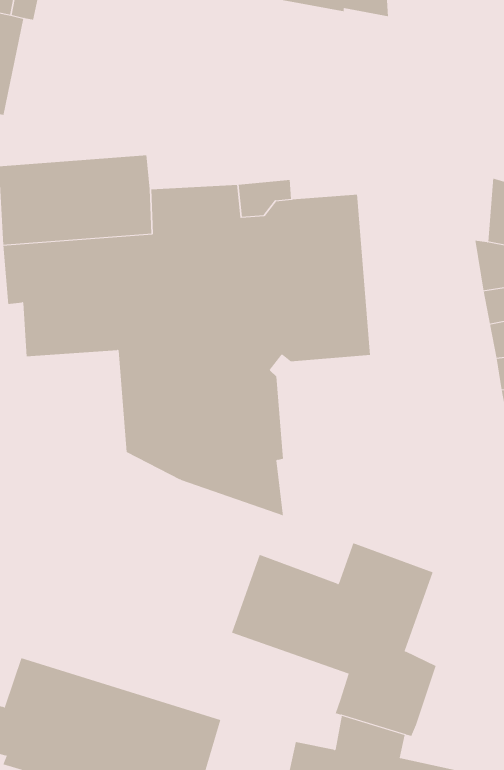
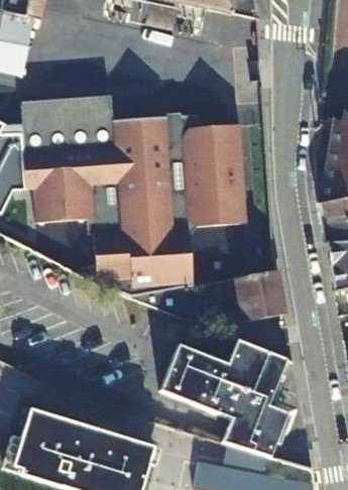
building: none -> [229,269,286,321]

